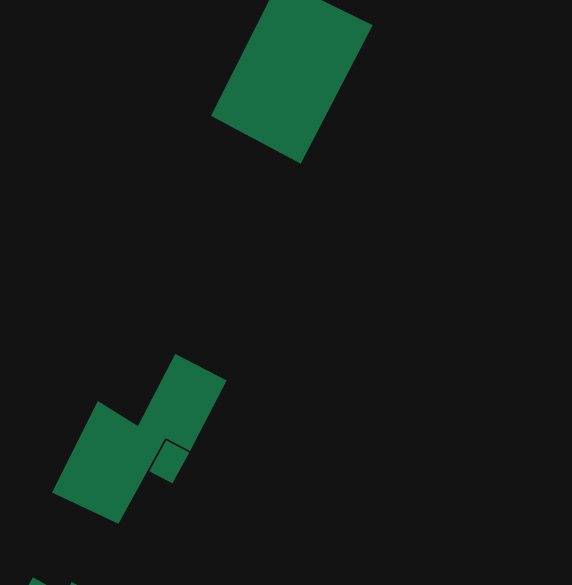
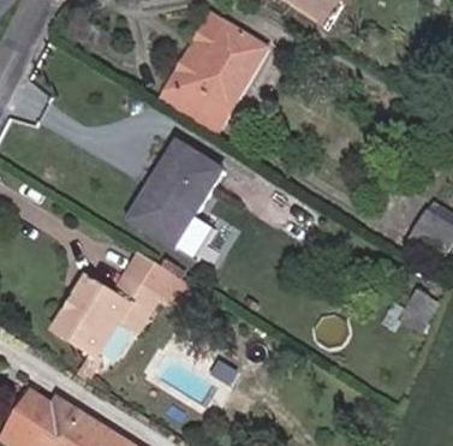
building: none -> [133,137,234,248]

